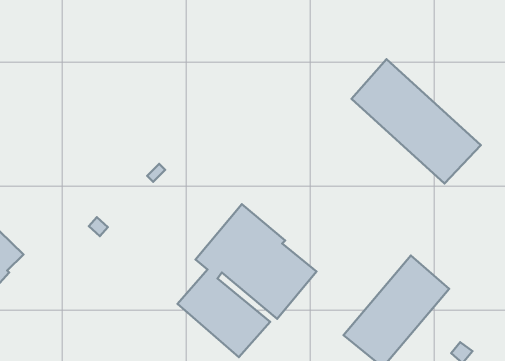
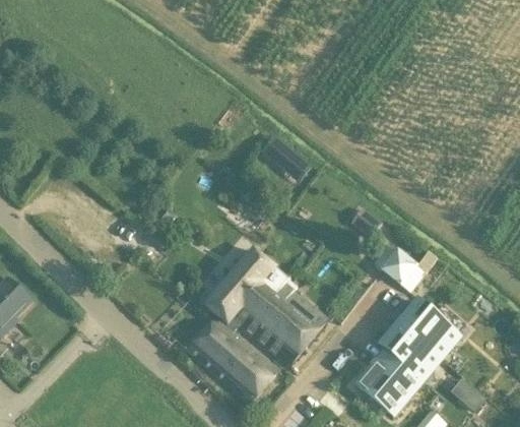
building: [352,59,481,183] -> none
building: none -> [376,237,430,290]

